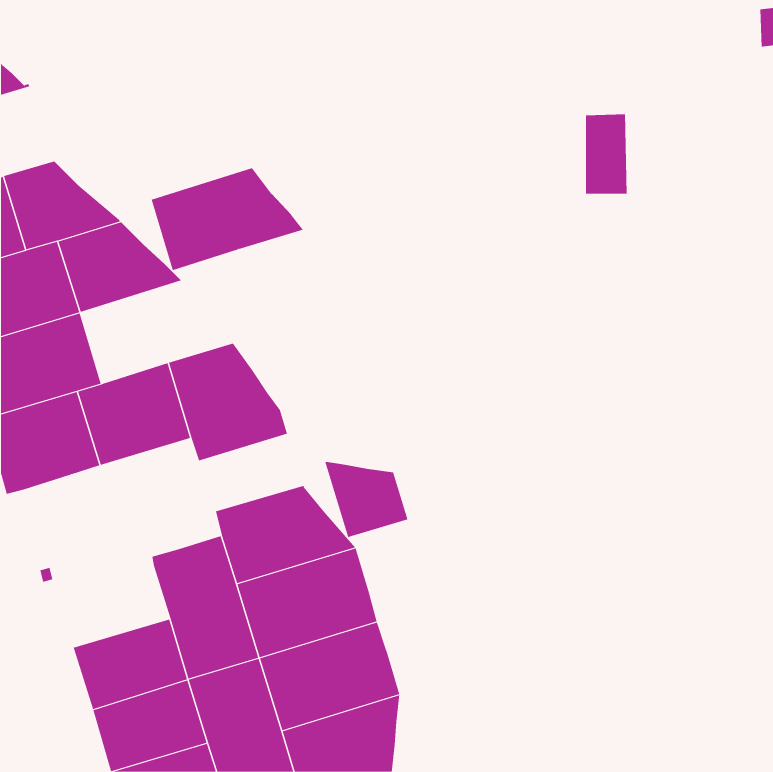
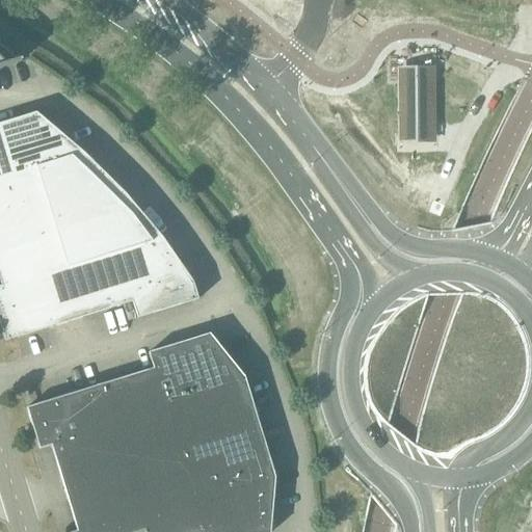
building: [151,168,304,271] -> [56,192,161,263]
building: [324,461,408,538] -> none
building: none -> [26,381,117,447]

